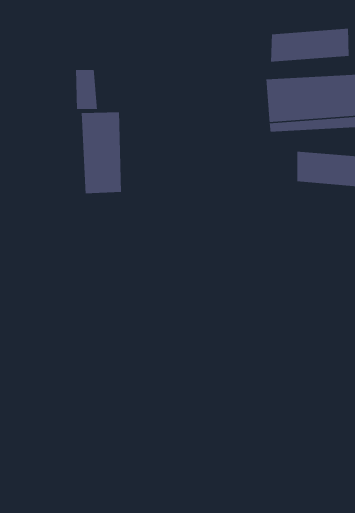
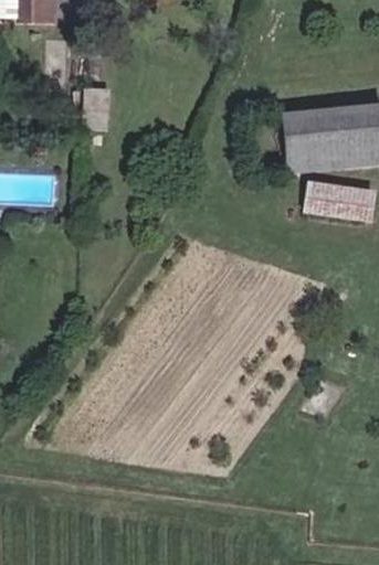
building: [270,28,349,63] -> none
building: [81,111,122,194] -> none

